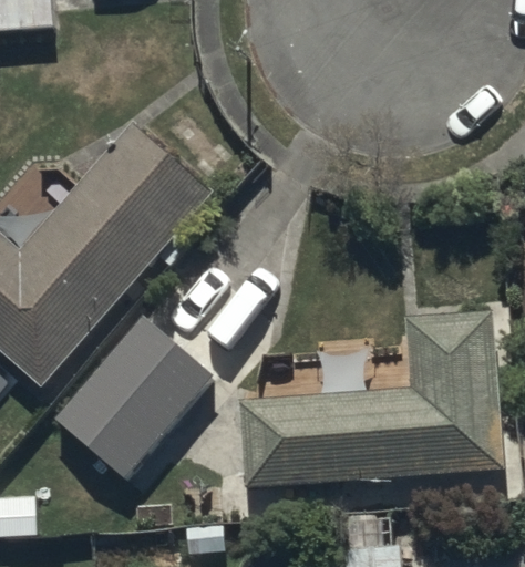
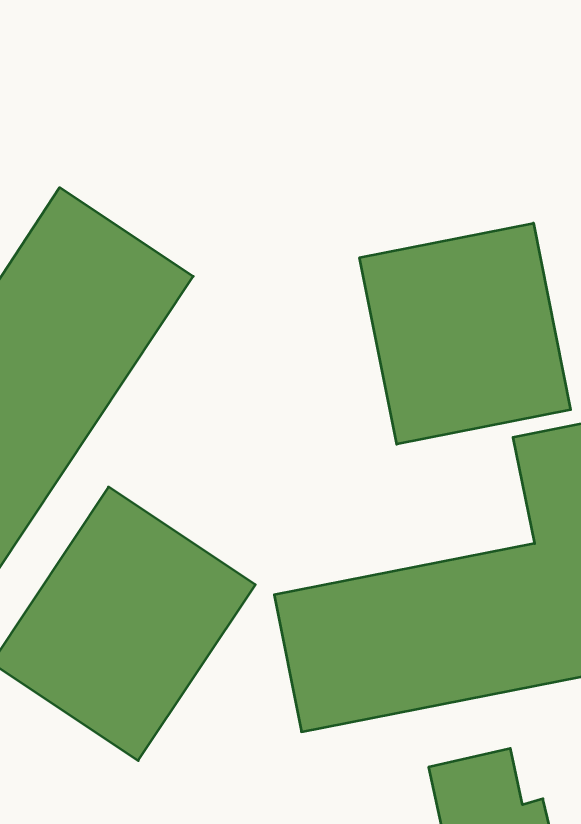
building: none -> [360,223,571,444]

